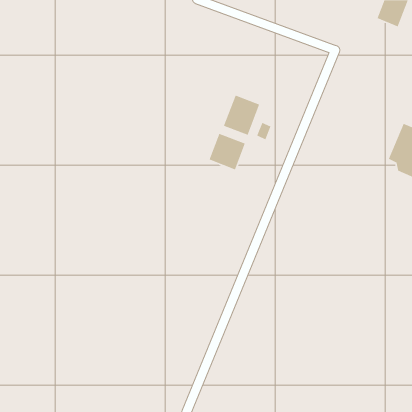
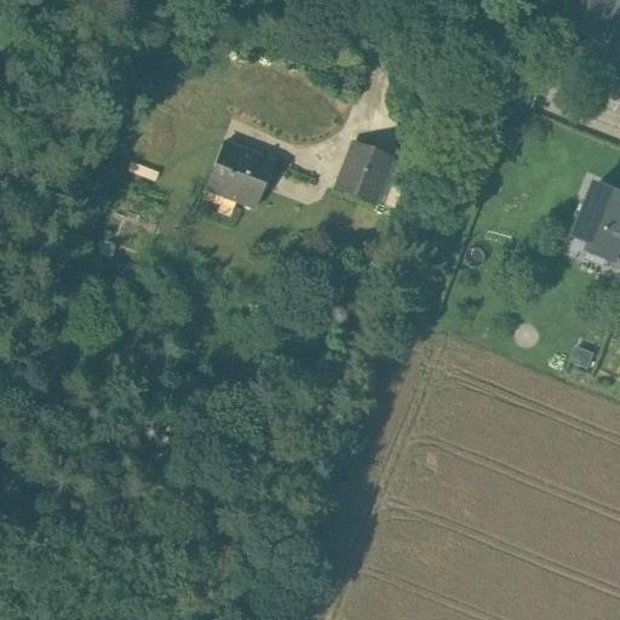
building: none -> [206,143,272,207]
building: [209,133,246,170] -> none

